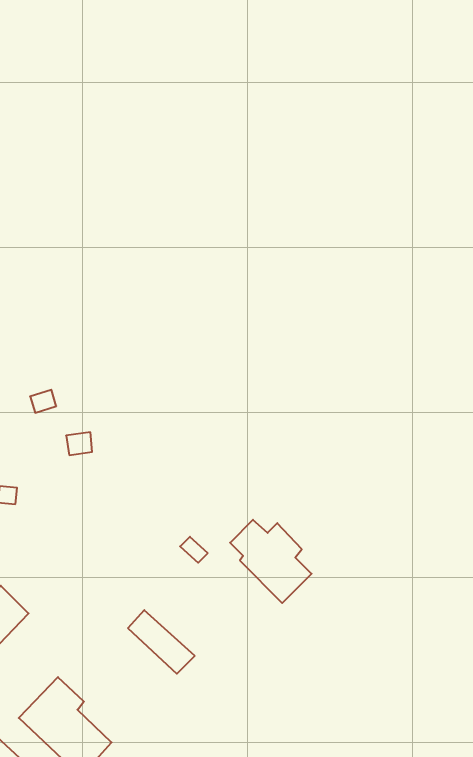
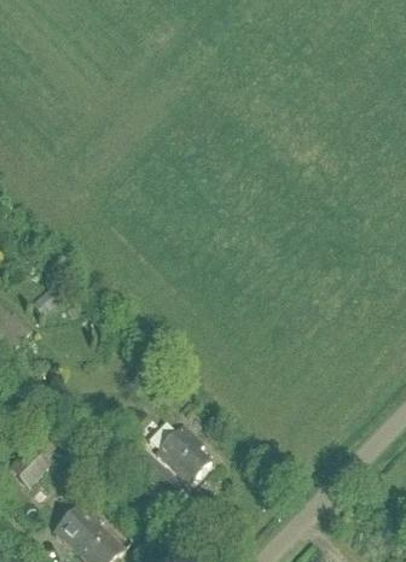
building: [230,520,312,603] -> [150,422,210,484]

